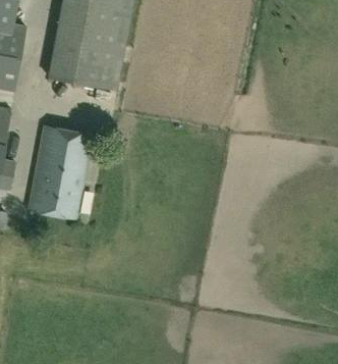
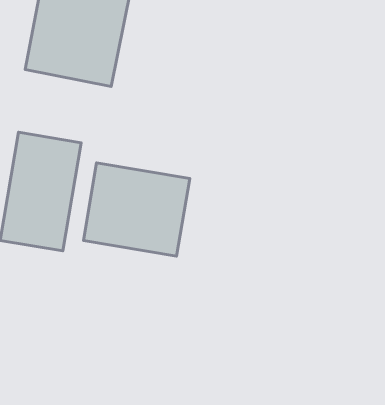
building: none -> [83,163,190,256]

